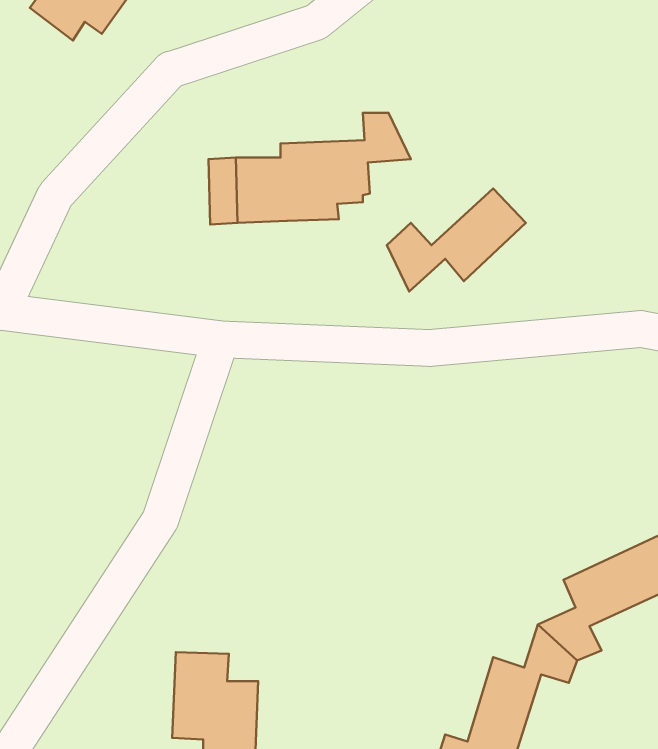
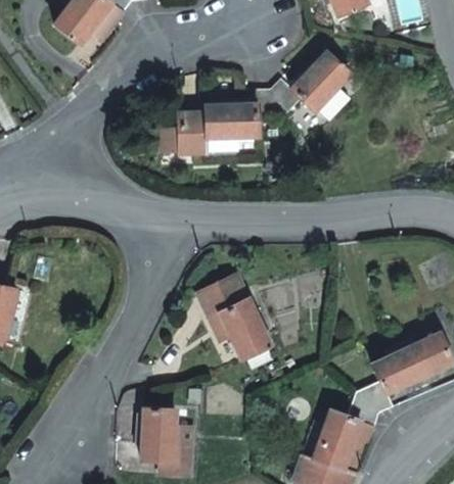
building: [387,188,526,292] -> [268,52,351,113]
building: none -> [196,273,271,365]

